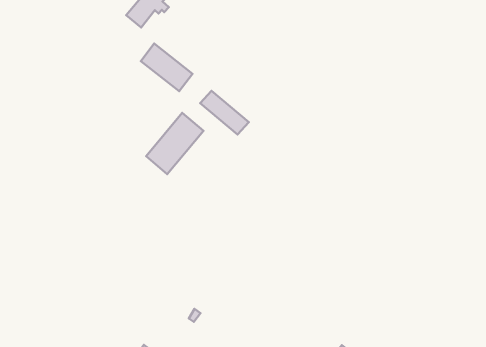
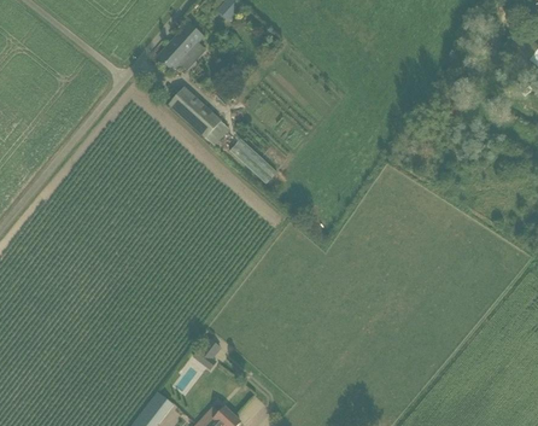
building: [146,113,203,174] -> none

